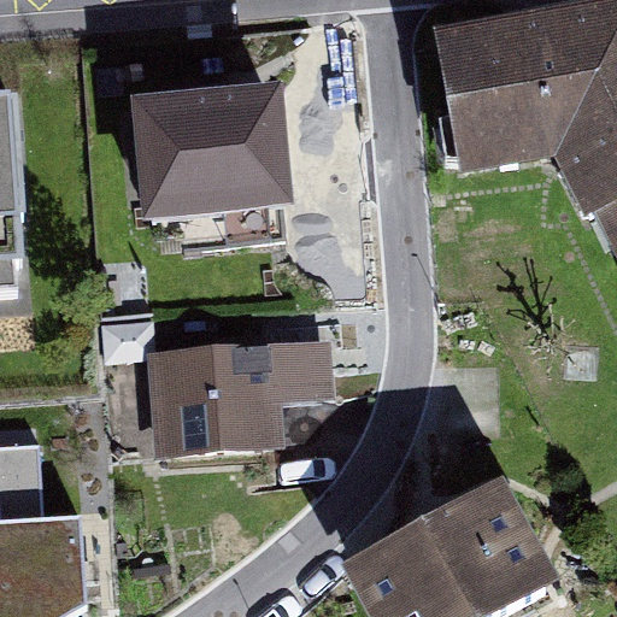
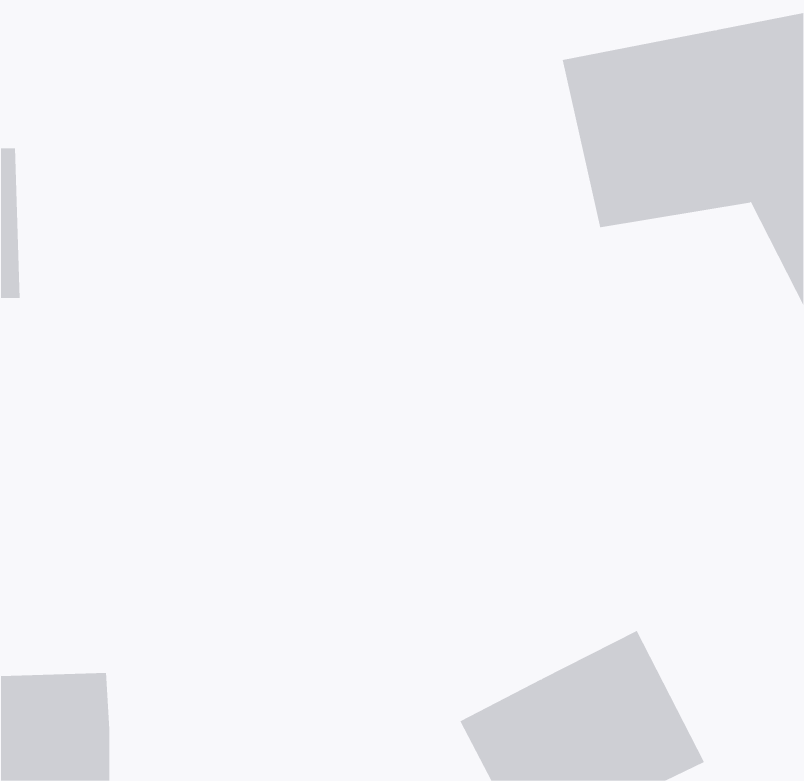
building: [145,96,278,217] -> none
building: [157,339,322,447] -> none

